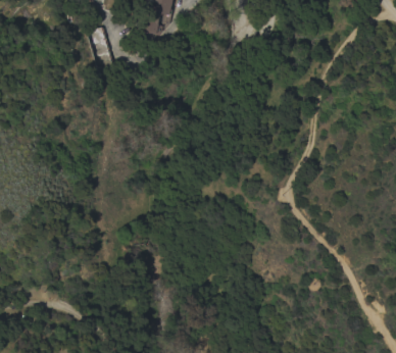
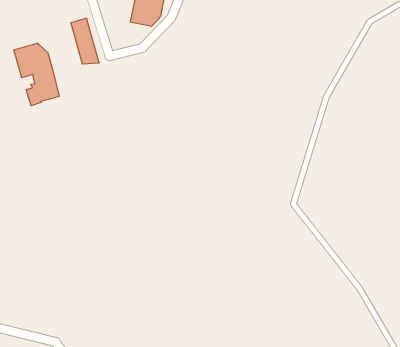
building: none -> [14,43,59,106]

